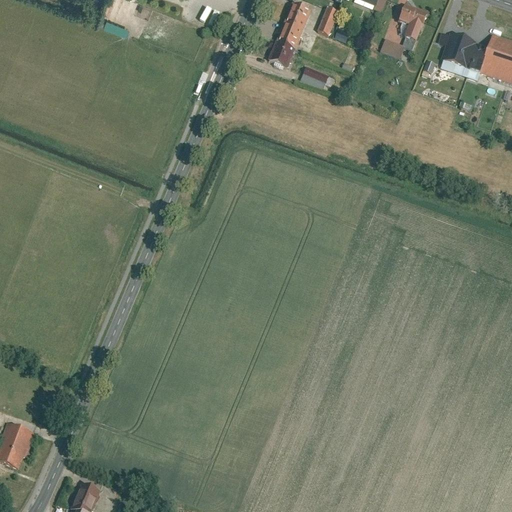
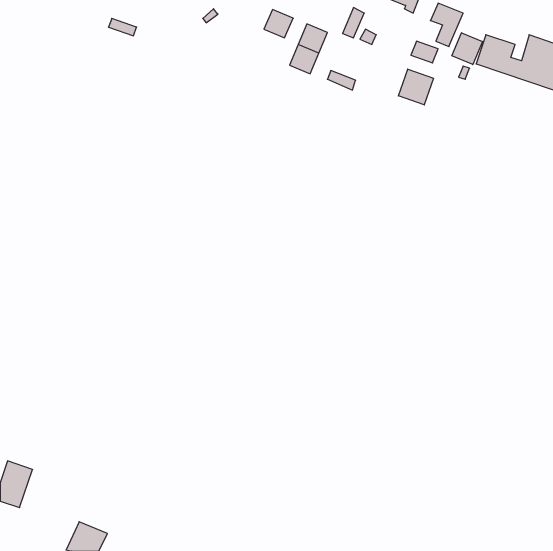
building: [284,4,311,30] -> [264,10,293,38]
building: none -> [452,33,482,65]
building: none -> [398,69,434,105]

